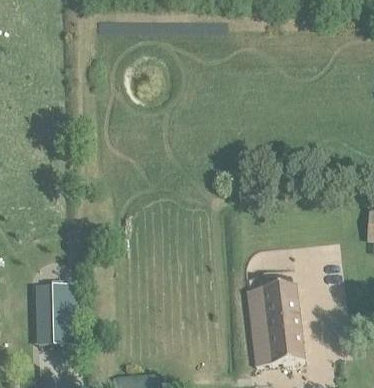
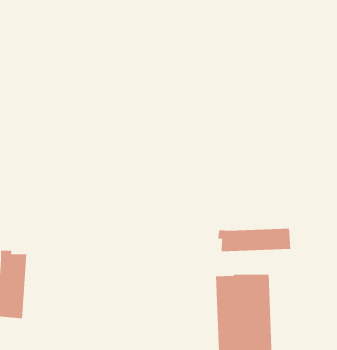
building: none -> [218,228,291,252]

